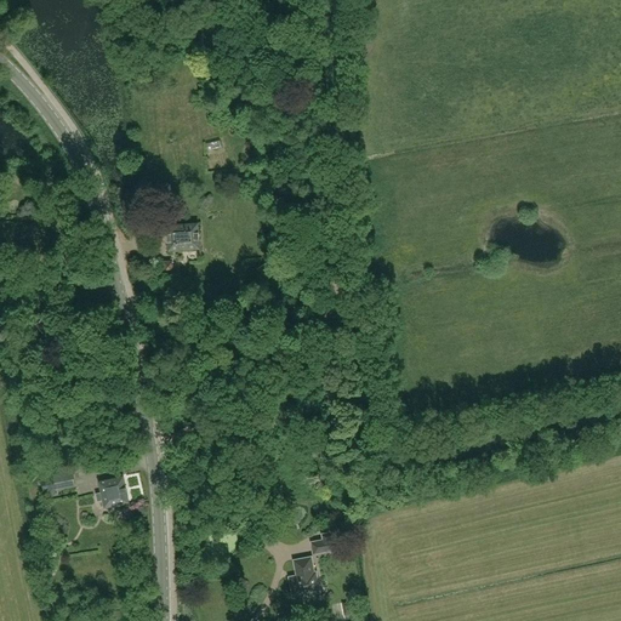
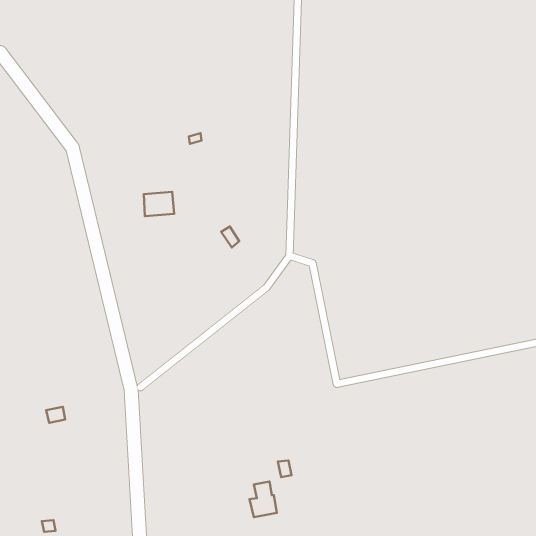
building: [96,475,130,507] -> none

